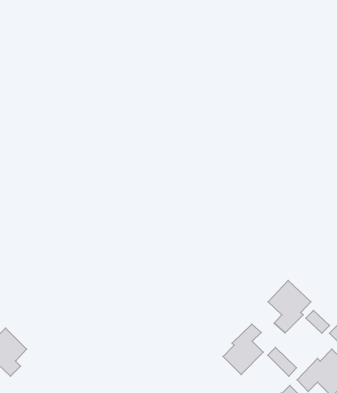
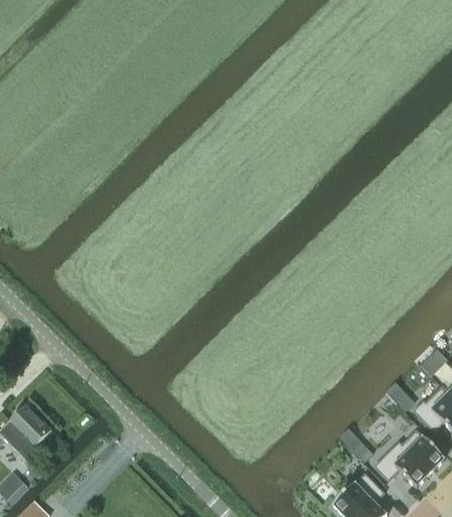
building: [268,280,311,333] -> none
building: [223,324,263,374] -> none

